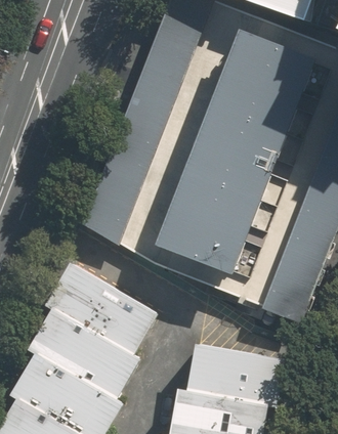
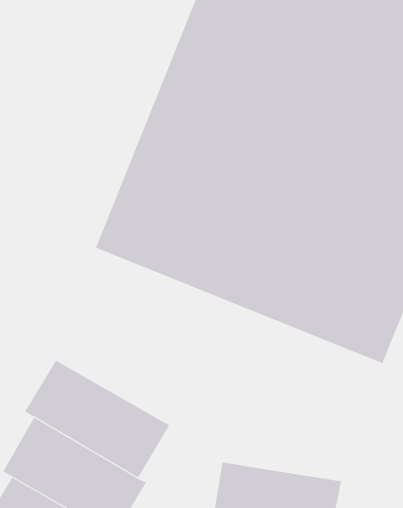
building: [45,263,157,355] -> none
building: [185,344,287,403] -> none

